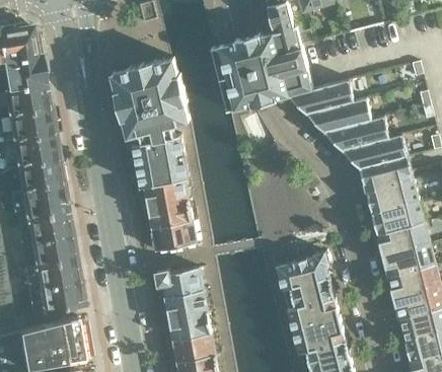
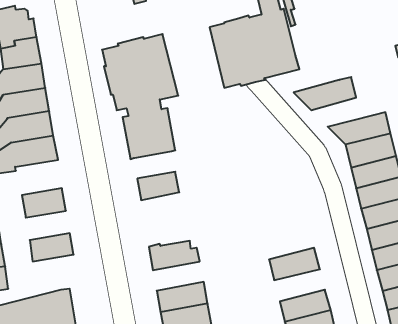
building: [291,80,356,115] -> none
building: [326,117,391,150] -> none
building: [142,175,186,204] -> none
building: [19,184,68,221] -> none
building: [150,218,194,247] -> none
building: [19,237,76,270] -> none
building: [278,253,329,288] -> none
building: [38,283,84,313] -> none
building: [162,290,215,320] -> none
building: [288,298,341,331] -> none

